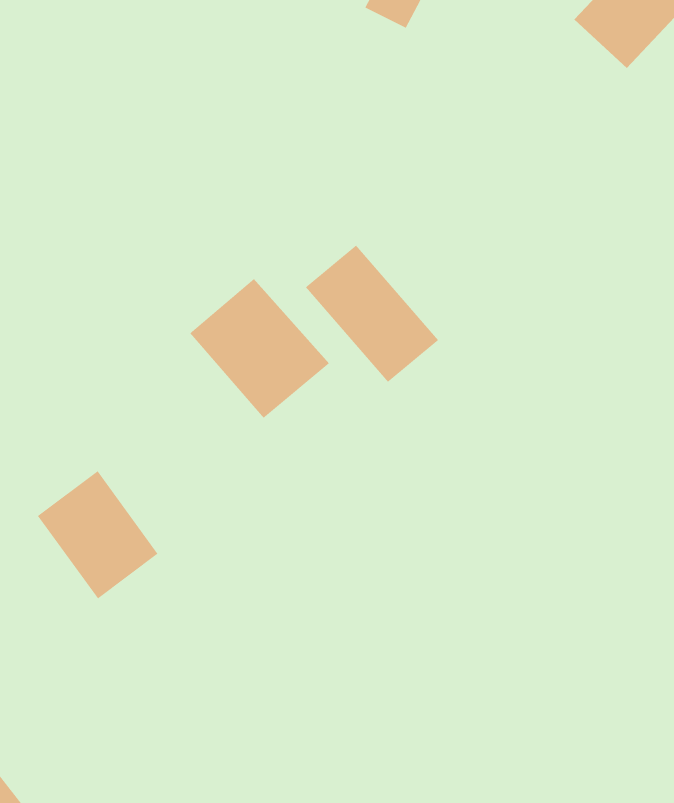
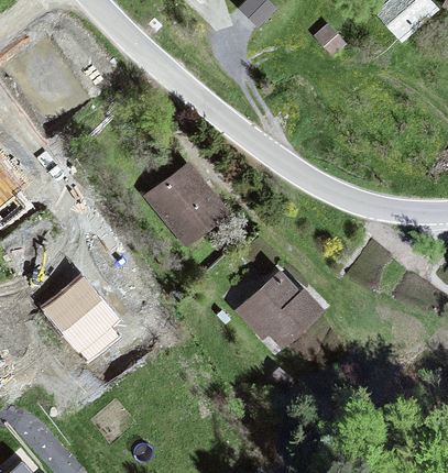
building: [305,244,439,383] -> none
building: none -> [236,271,323,358]

